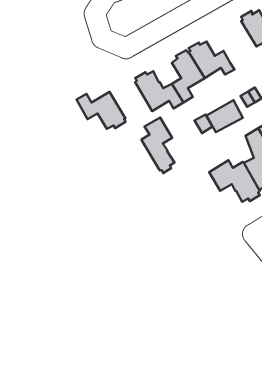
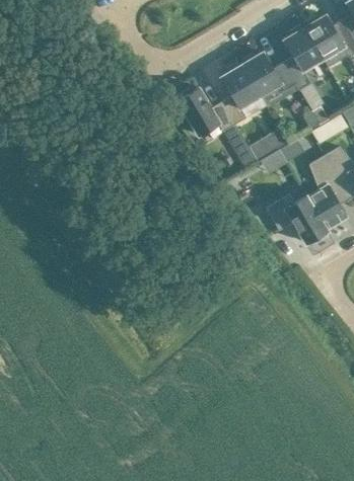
building: none -> [282,25,322,91]
building: [76,92,126,129] -> none
building: [141,118,174,173] -> none

